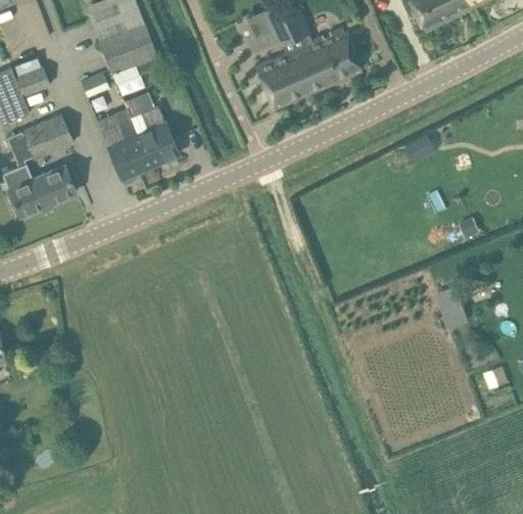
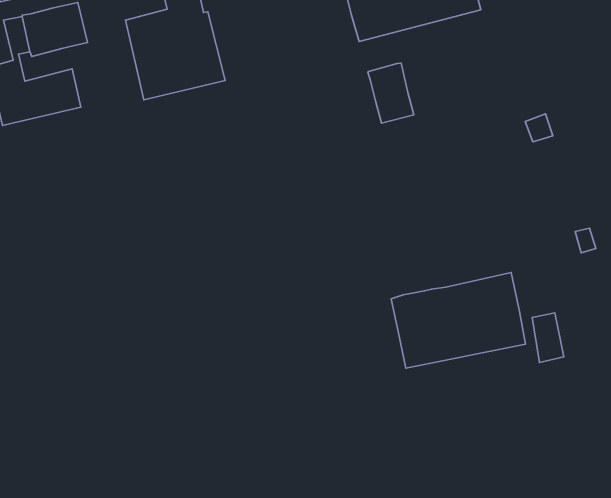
building: none -> [368,63,414,123]
building: none -> [391,273,526,368]

